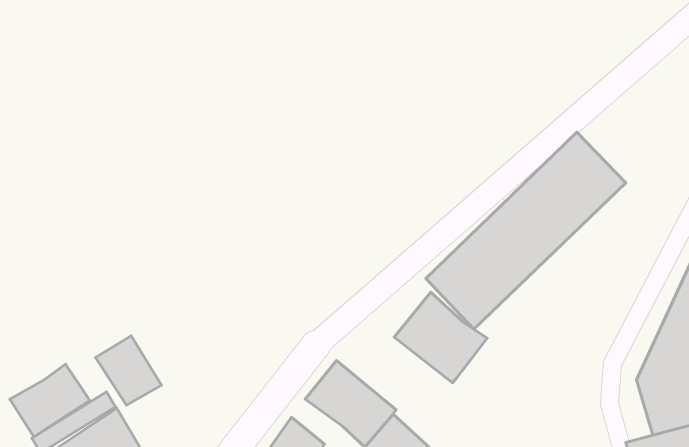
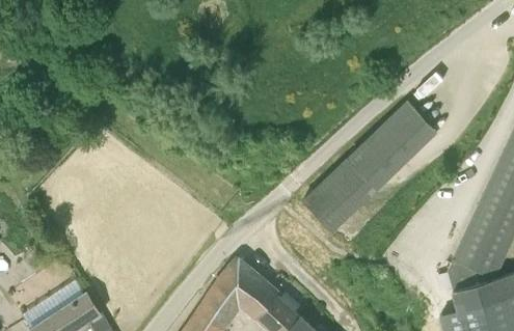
building: [394,292,487,383] -> none
building: [96,336,162,405] -> none
building: [10,364,89,437] -> none

